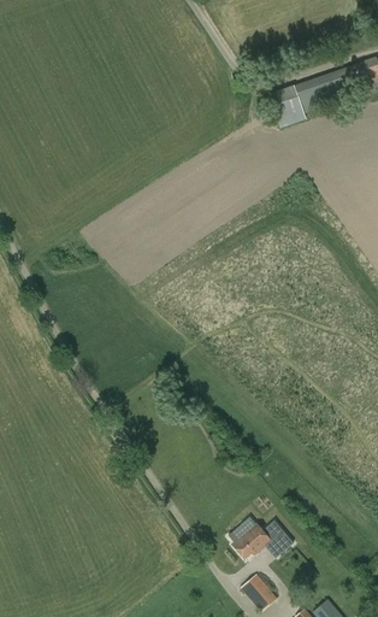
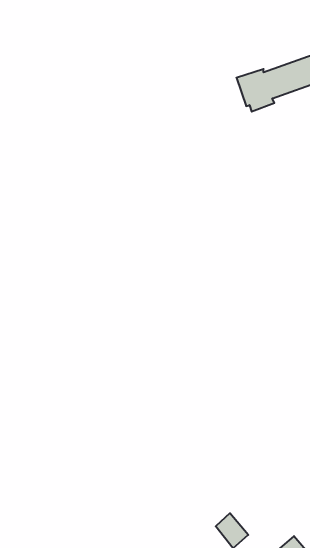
building: [232,515,283,557] -> none

